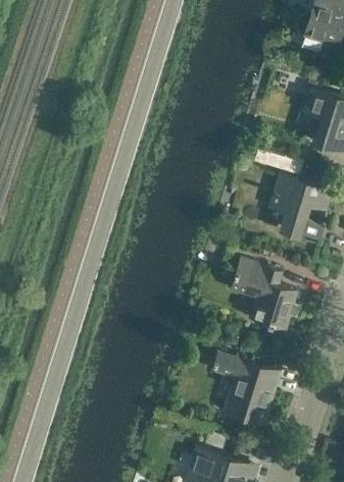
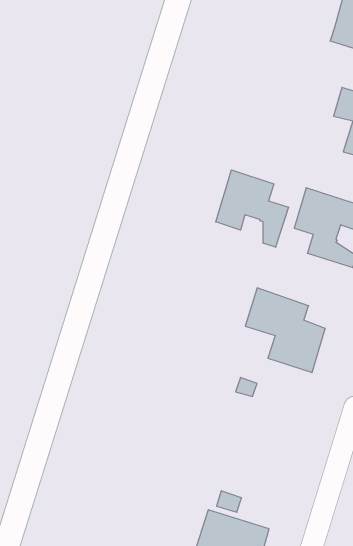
building: none -> [216,170,288,247]
building: [214,353,280,424] -> none

